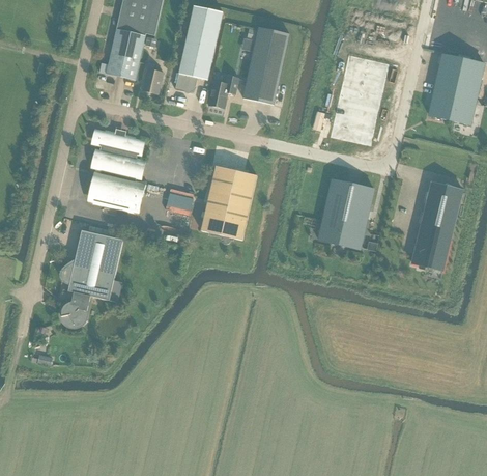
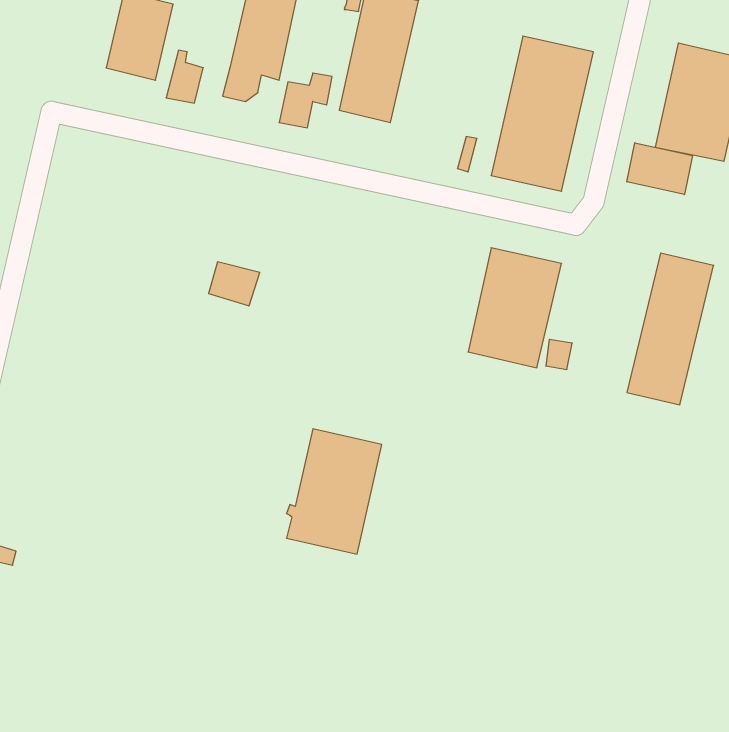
building: none -> [627,143,692,195]
building: [92,129,140,212] -> none
building: [200,165,256,239] -> [286,429,382,554]
building: [59,228,122,325] -> none

